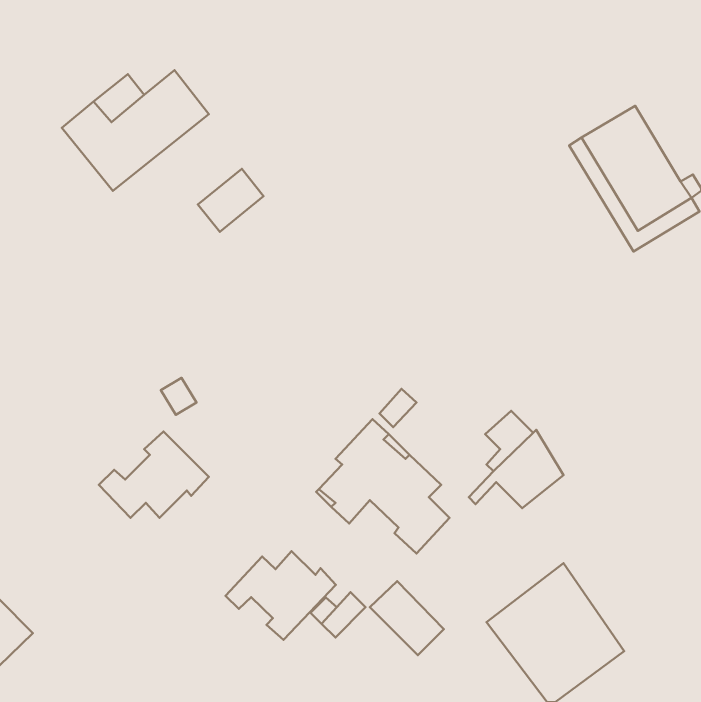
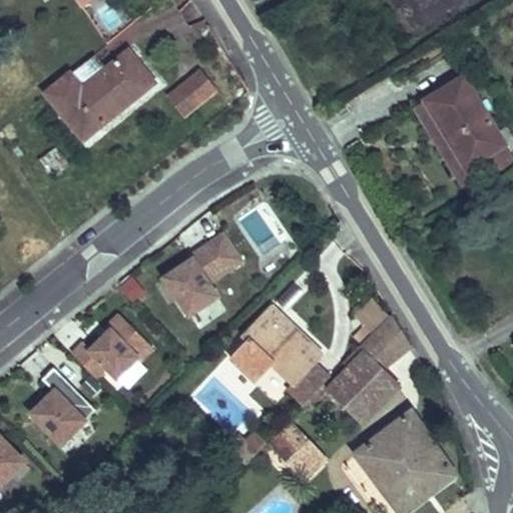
building: [198,169,264,232] -> [167,70,215,116]
building: none -> [164,234,240,315]
building: none -> [326,352,399,425]
building: none -> [31,368,94,444]
building: [226,551,336,640] -> none

